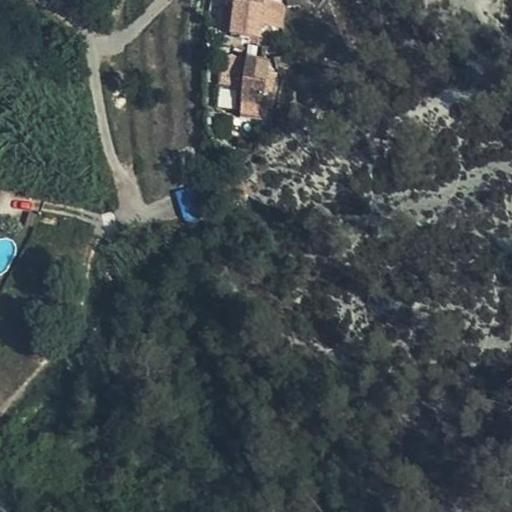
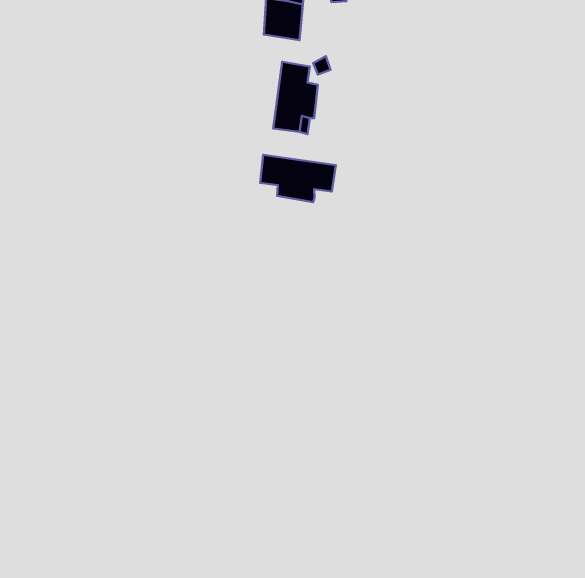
building: none -> [260,155,336,202]

